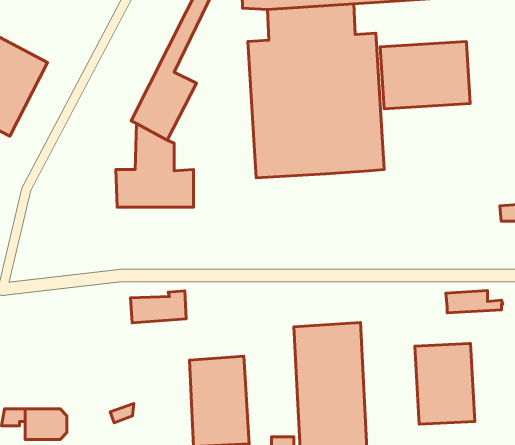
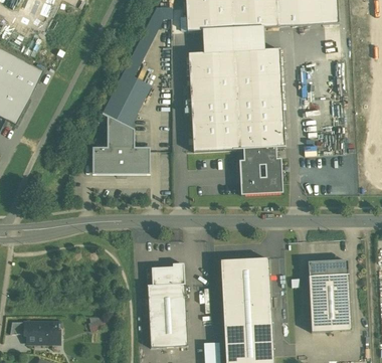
building: [380,42,470,109] -> none
building: none -> [238,148,282,192]
building: [446,290,503,313] -> [307,258,348,275]
building: [131,291,186,323] -> [144,261,184,285]

